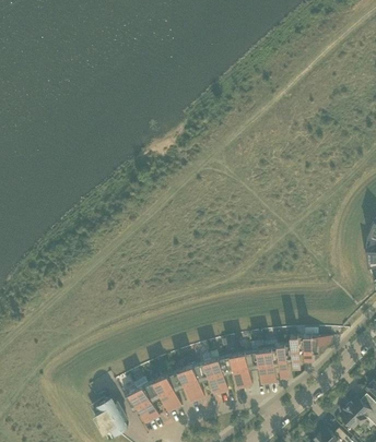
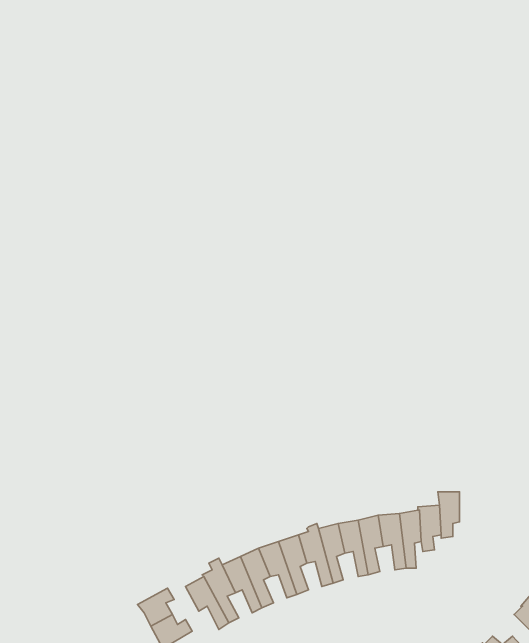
building: [304,328,331,357] -> none

